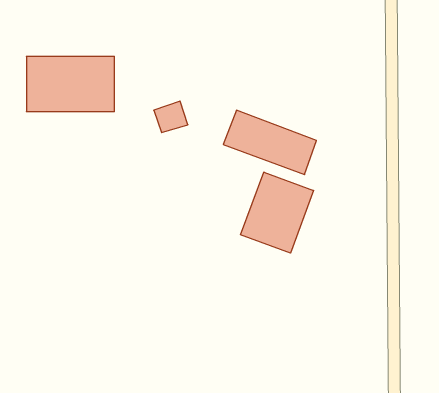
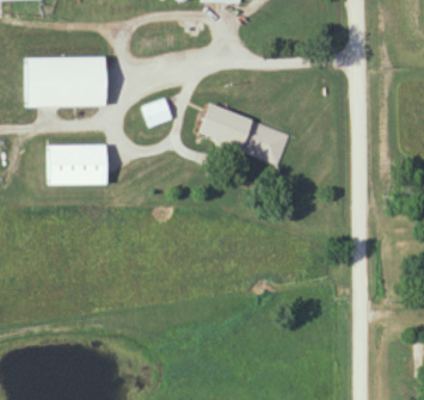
building: none -> [48,143,105,184]
building: [241,172,314,253] -> none

